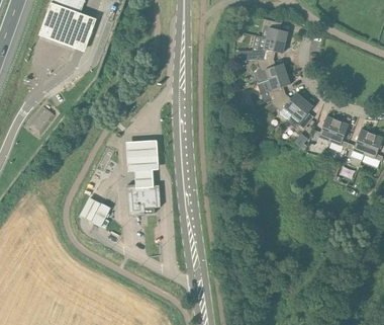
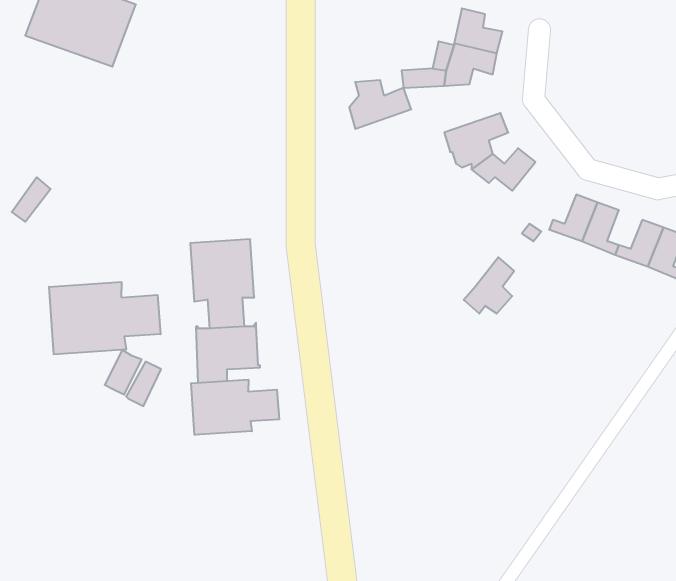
building: [255,58,287,83] -> [349,80,411,129]
building: [287,98,313,128] -> [464,257,514,314]
building: none -> [49,282,161,354]
building: none -> [191,380,279,435]

